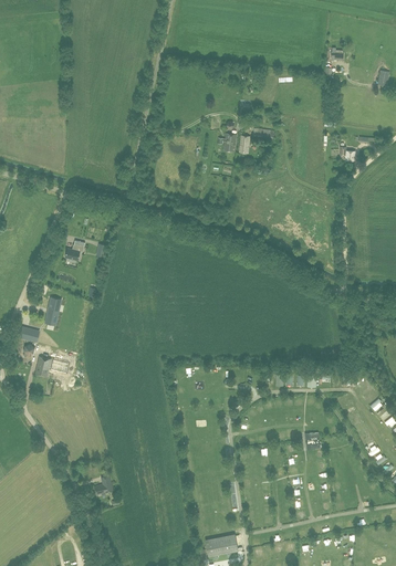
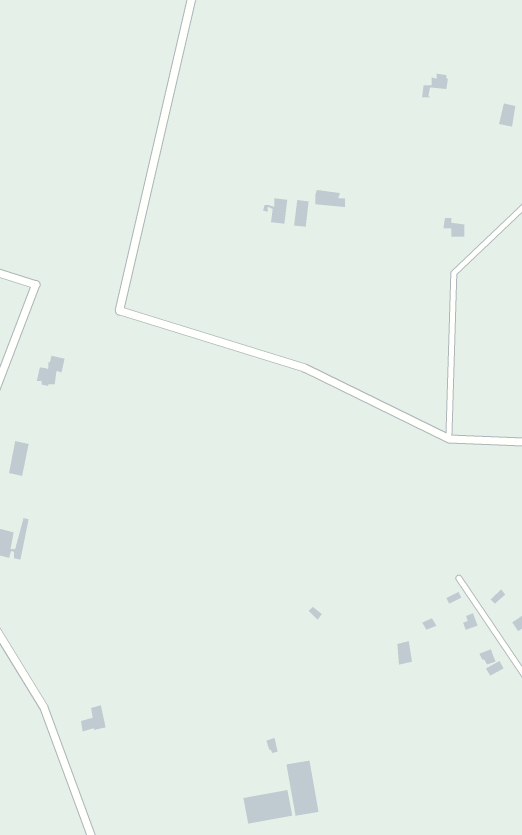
building: none -> [286,760,319,816]

